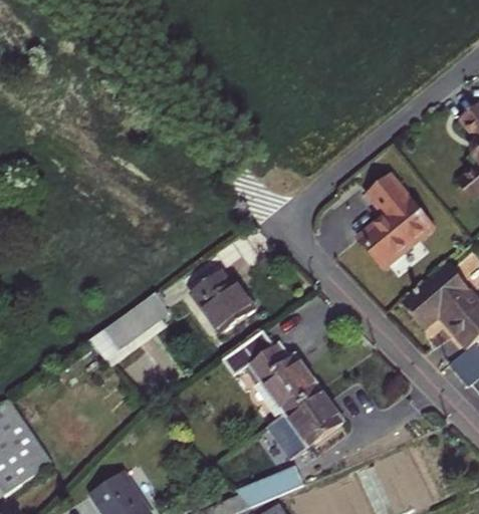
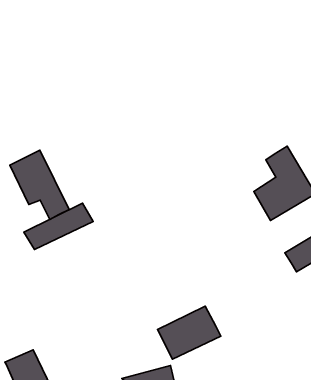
building: none -> [10,150,69,219]
building: [187,272,249,335] -> none
building: [222,329,322,414] -> none

